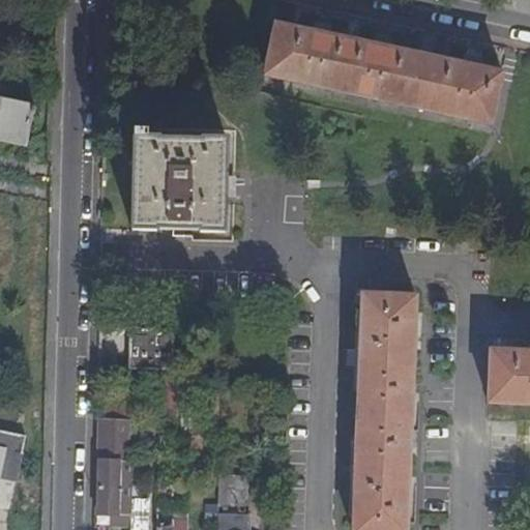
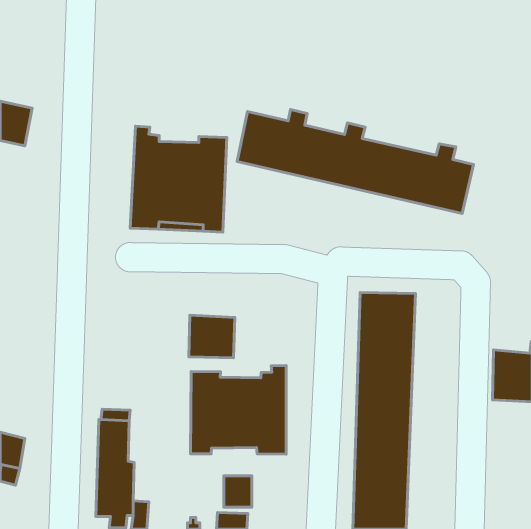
building: [264,20,499,123] -> [237,109,474,214]
building: [126,323,172,365] -> [189,315,235,358]
building: none -> [191,365,286,454]

